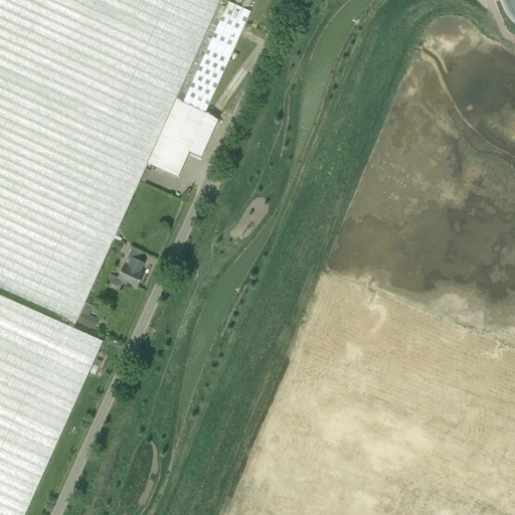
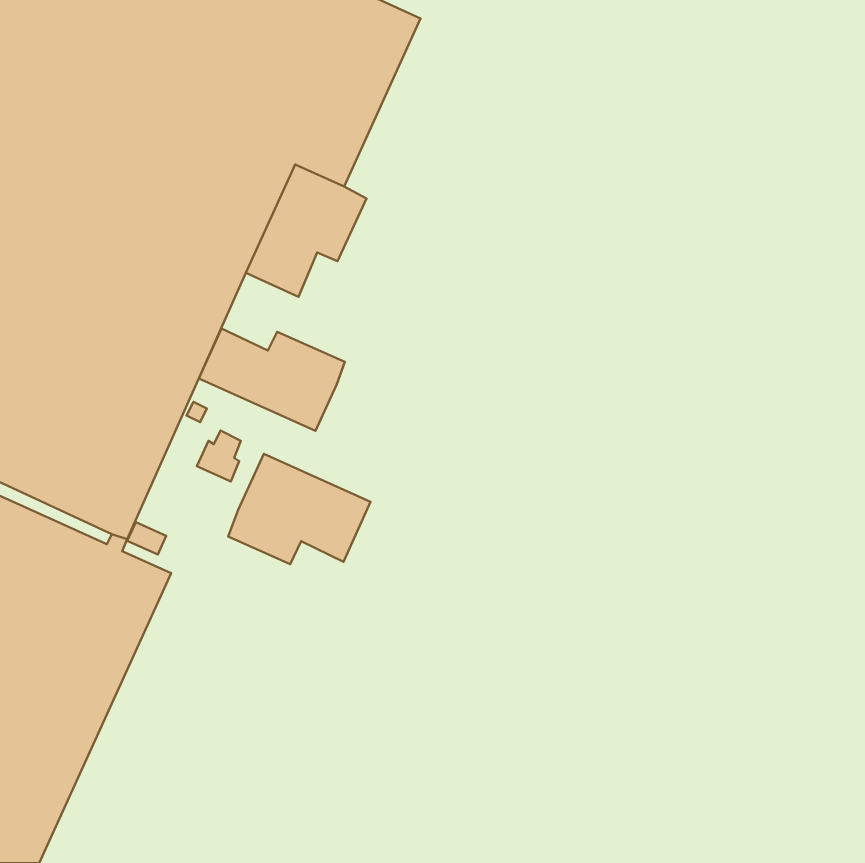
building: none -> [199,328,345,431]
building: none -> [228,454,371,564]

